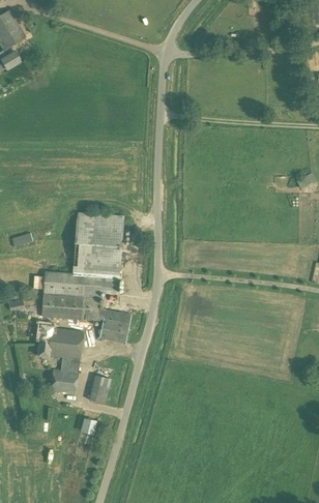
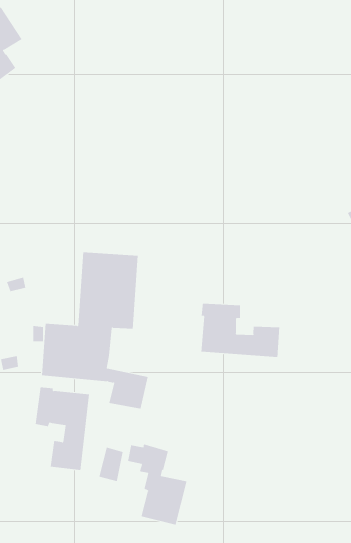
building: none -> [201,303,280,358]
building: none -> [127,443,187,526]

